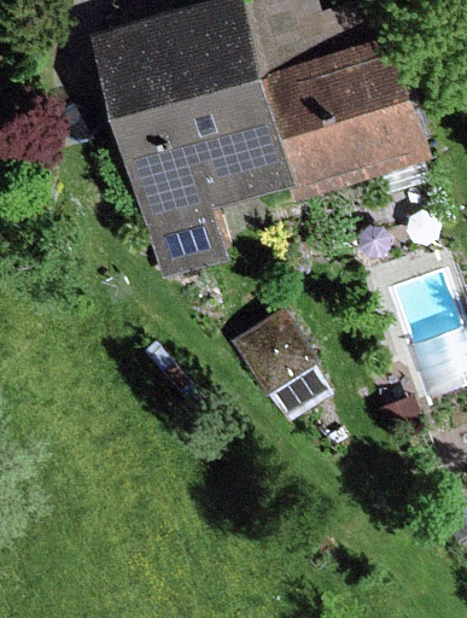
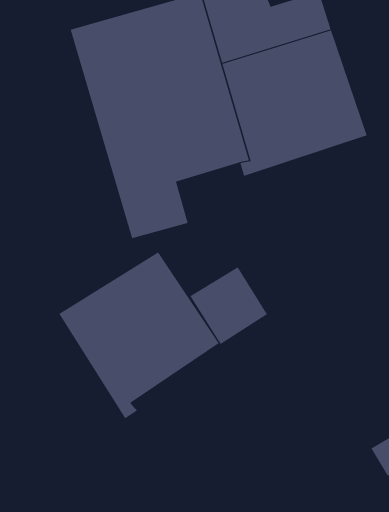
building: none -> [58,251,219,419]

